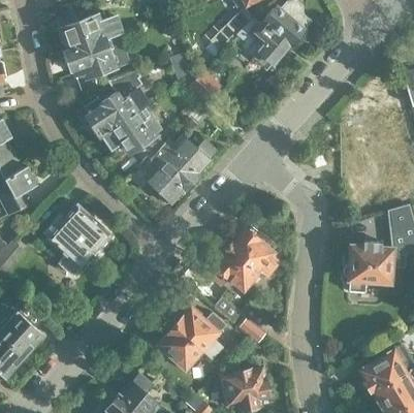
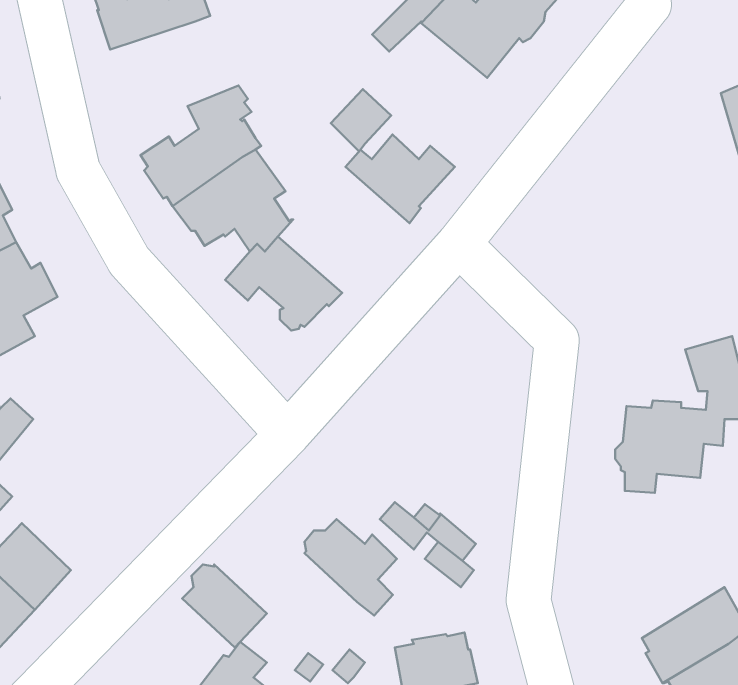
building: [64,34,118,76] -> none
building: [158,134,218,183] -> [345,135,455,223]
building: [43,203,112,275] -> none
building: [209,227,273,290] -> none
building: [155,325,201,371] -> [182,565,267,648]

